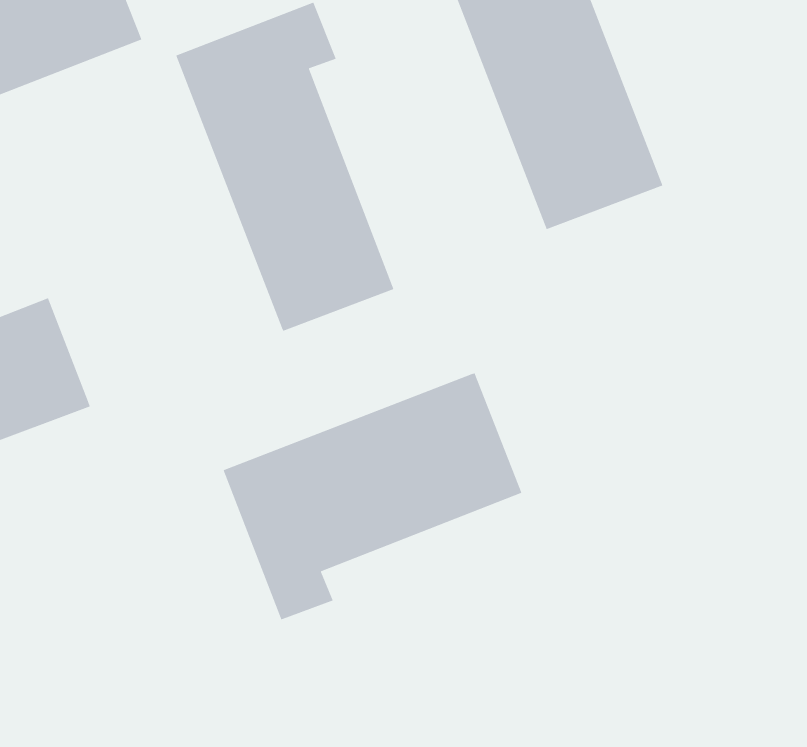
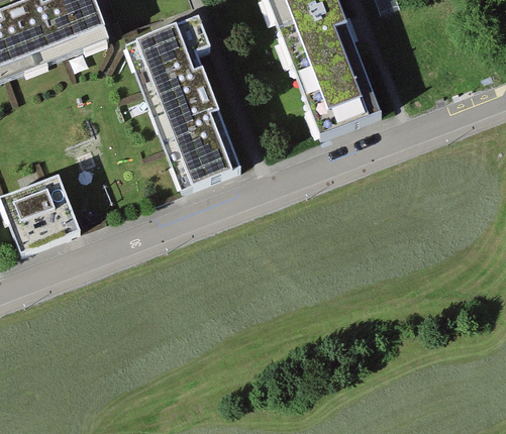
building: [223,372,523,620] -> none

